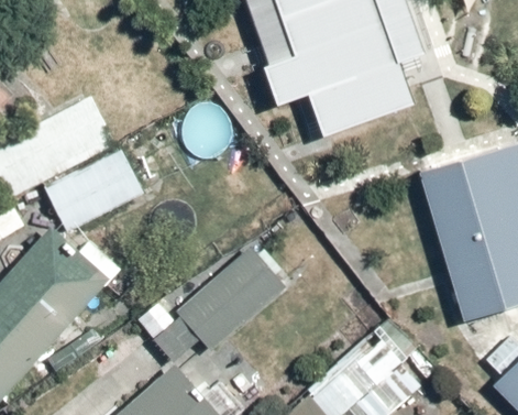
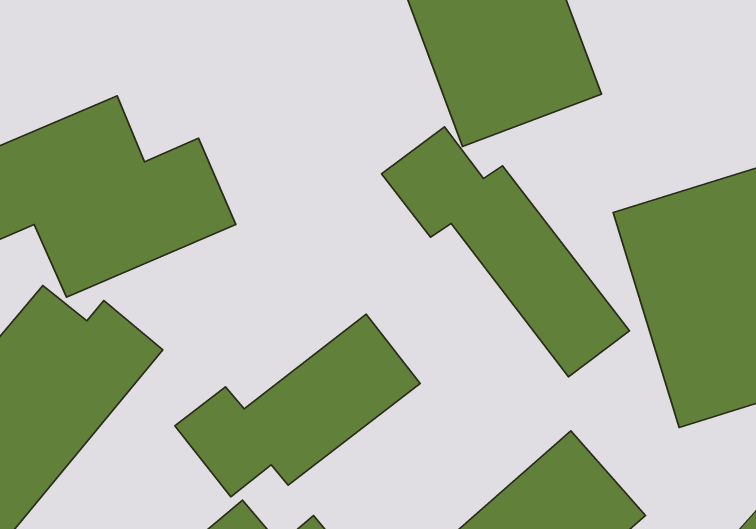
building: none -> [381,127,630,377]

